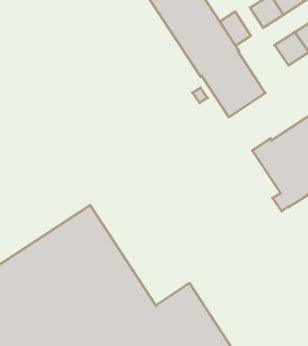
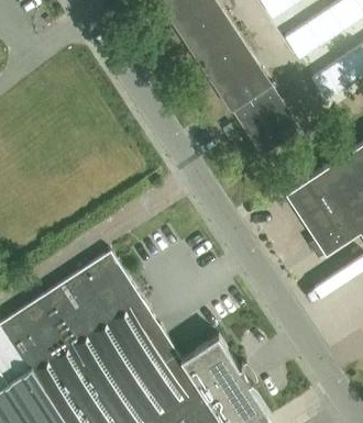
building: [220,12,251,46] -> none

